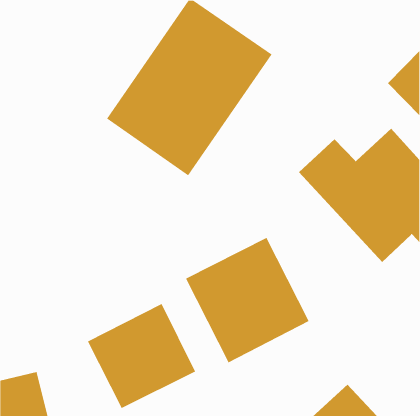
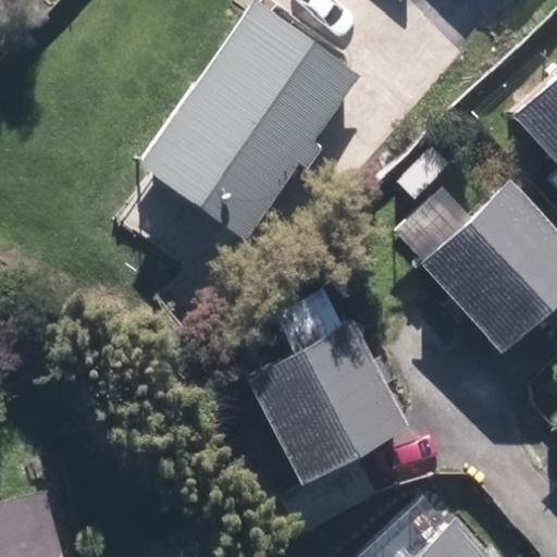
building: [87,303,196,409] -> none

